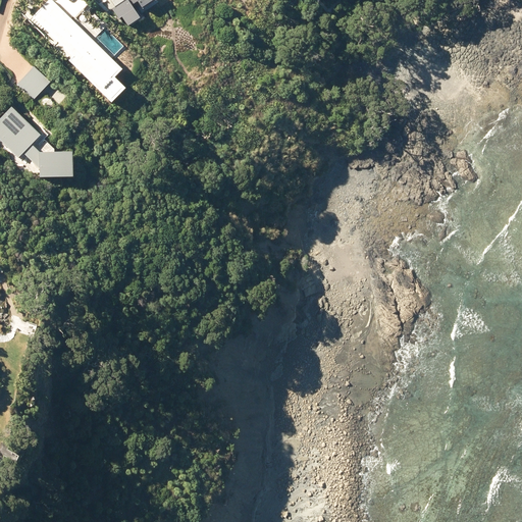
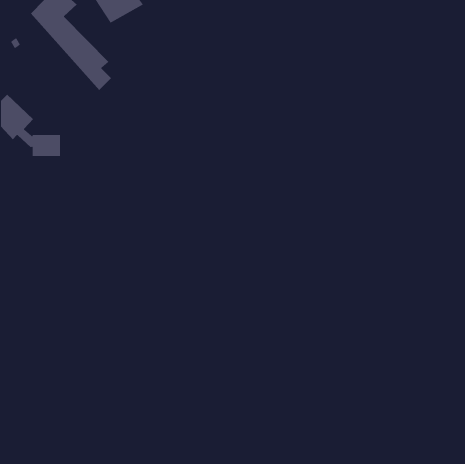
building: [14,70,43,99] -> none

